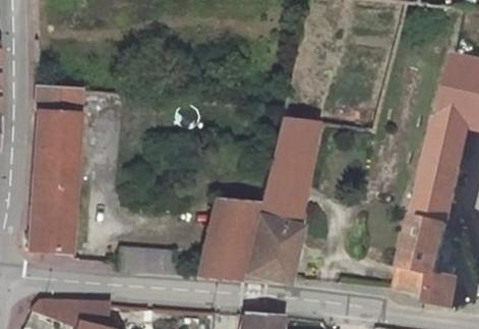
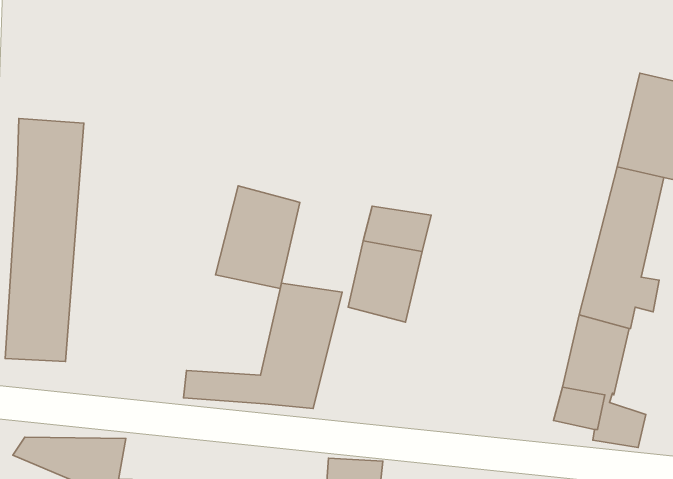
building: [276,111,321,150] -> none
building: [244,212,301,281] -> [215,186,300,289]

